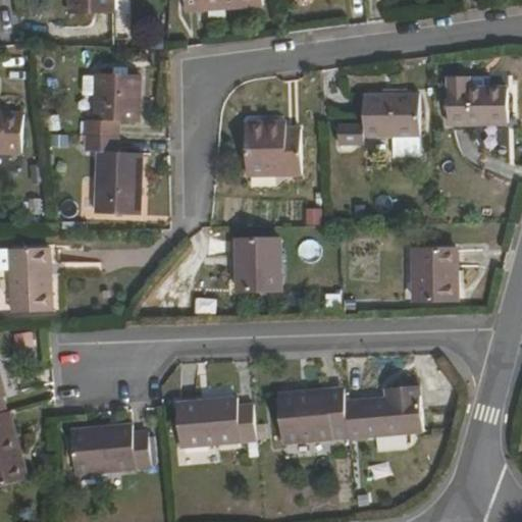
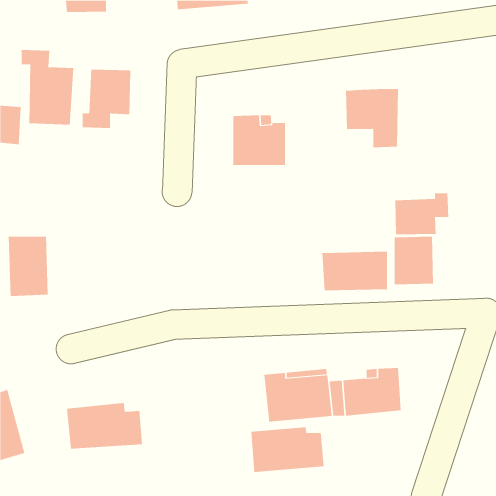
building: [446,79,505,124] -> none
building: [86,135,142,214] -> [21,49,74,125]
building: none -> [395,192,449,235]
building: [236,239,278,290] -> none
building: none -> [322,251,387,291]
building: [177,398,255,446] -> [251,427,325,472]

